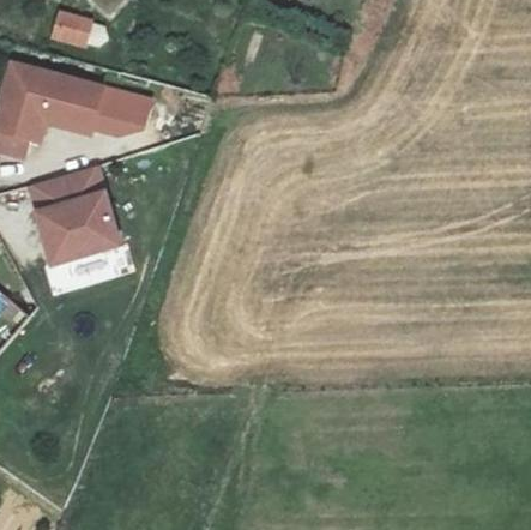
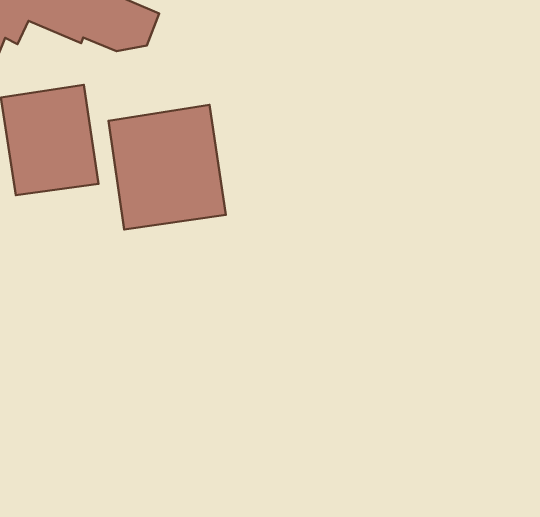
building: none -> [109,105,226,229]

